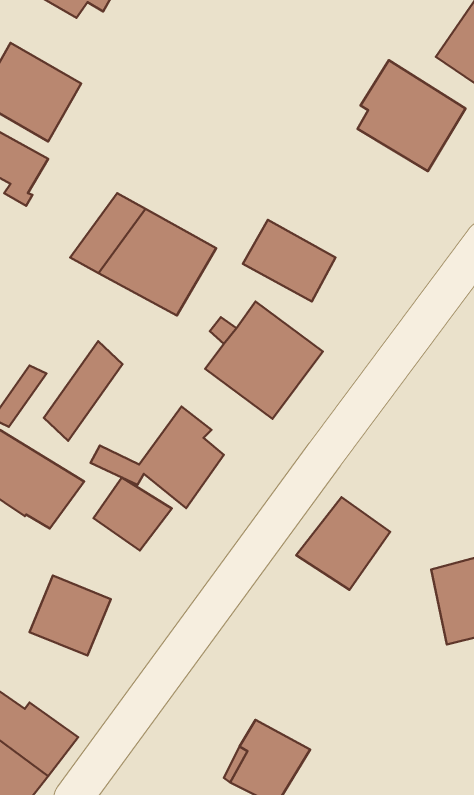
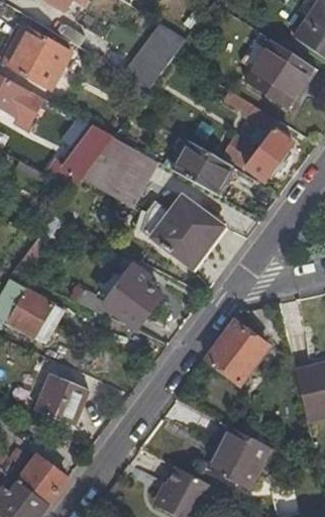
building: none -> [122,24,182,89]
building: none -> [224,93,292,178]
building: [44,341,122,441] -> none
building: [94,477,172,551] -> none
building: none -> [210,424,269,484]

